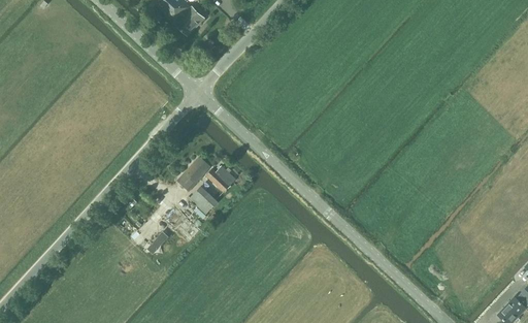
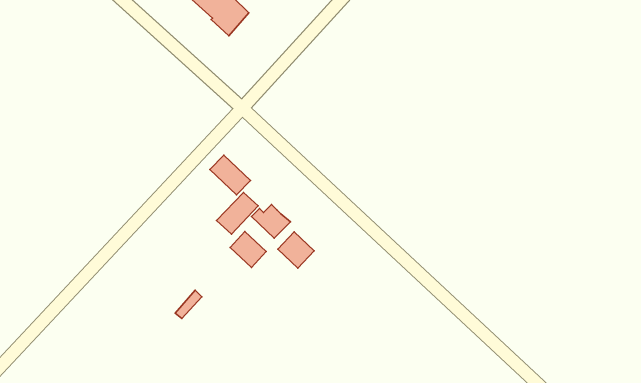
building: none -> [210,155,251,195]
building: none -> [278,232,314,268]

